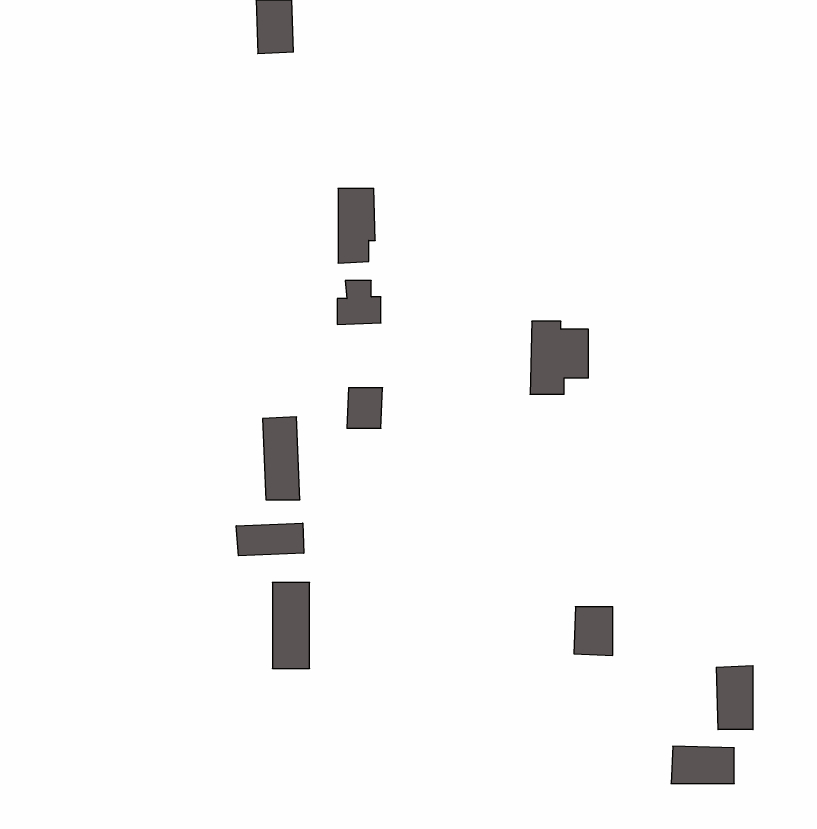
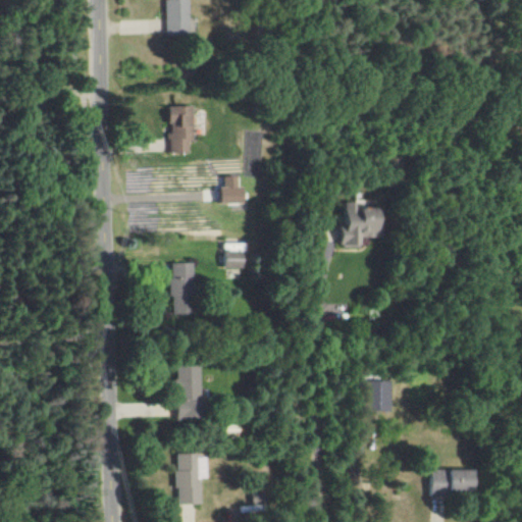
building: [338,188,375,263] -> [171,106,195,153]
building: [236,523,304,556] -> none
building: [716,666,753,730] -> none
building: none -> [178,455,209,505]

